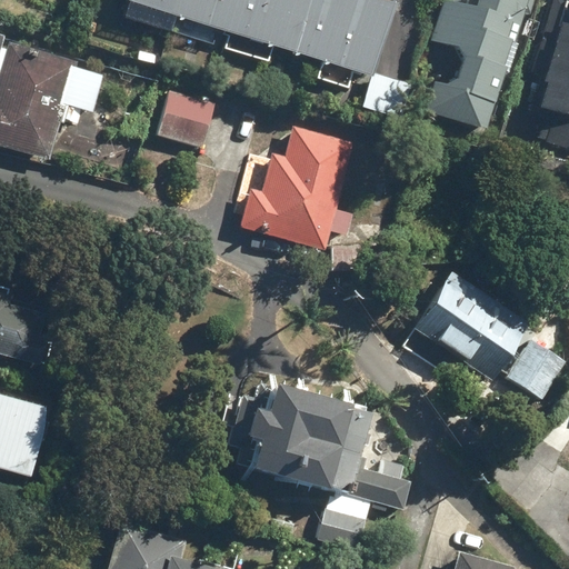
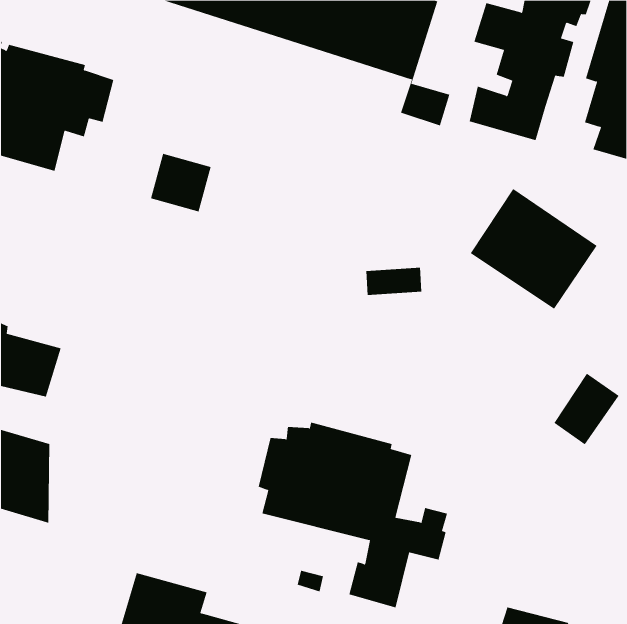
building: [157,92,212,146] -> [150,153,211,212]
building: [241,126,351,249] -> none
building: [413,272,529,382] -> [470,188,598,309]

